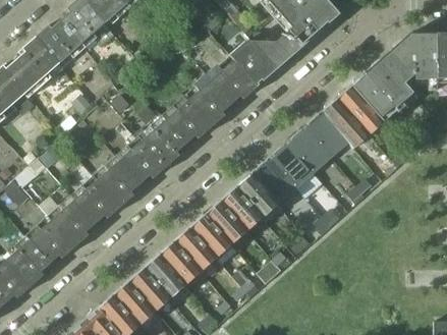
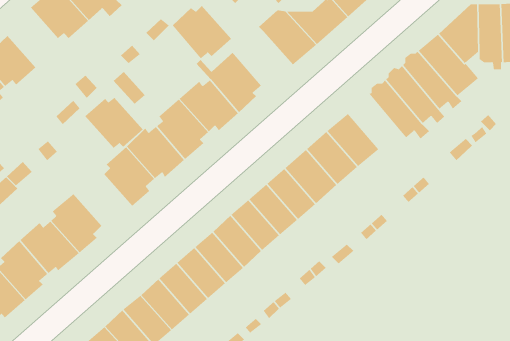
building: [16,36,59,87] -> none
building: [208,56,259,102] -> [172,5,232,59]
building: [305,109,349,156] -> none
building: [72,177,122,221] -> [85,97,143,149]

